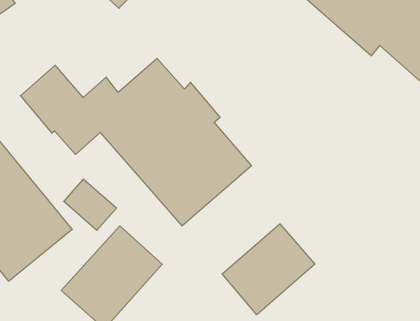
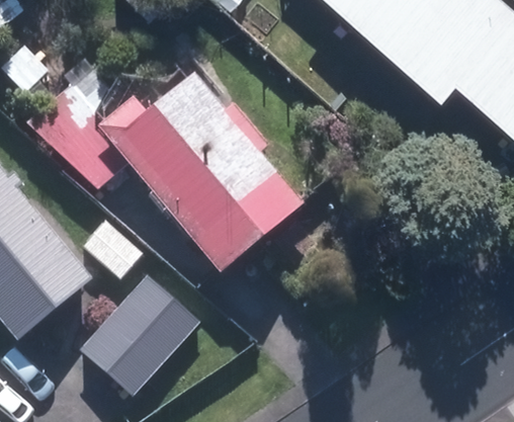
building: [222,224,315,315] -> none

